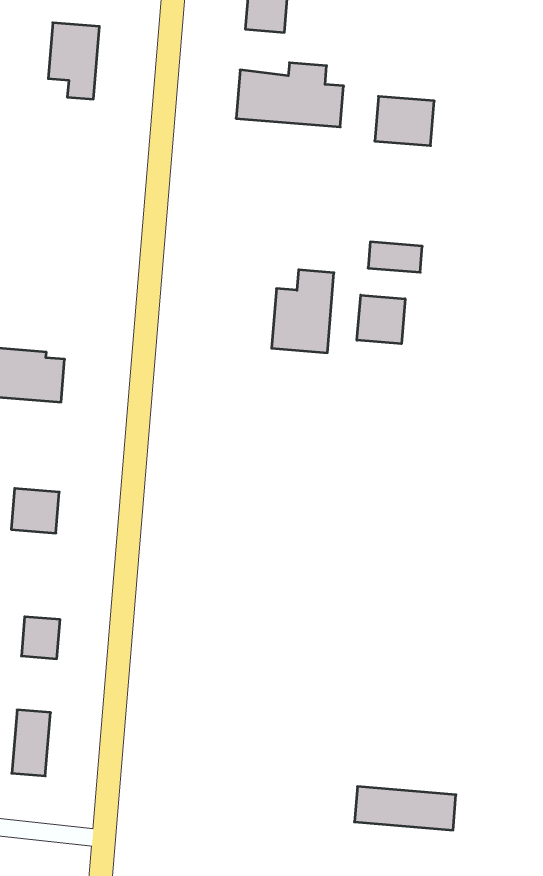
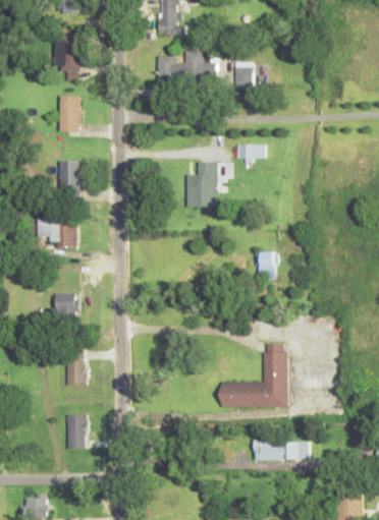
building: none -> [60,96,78,131]
building: none -> [59,161,78,195]
building: [357,295,405,344] -> none
building: none -> [257,252,278,275]
building: none -> [222,343,289,407]

